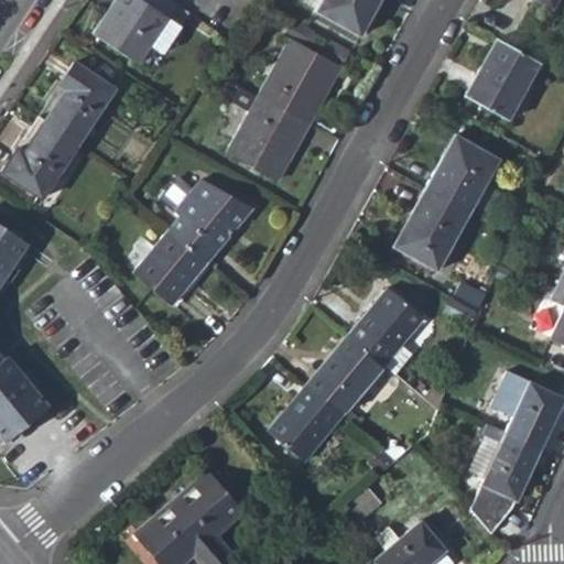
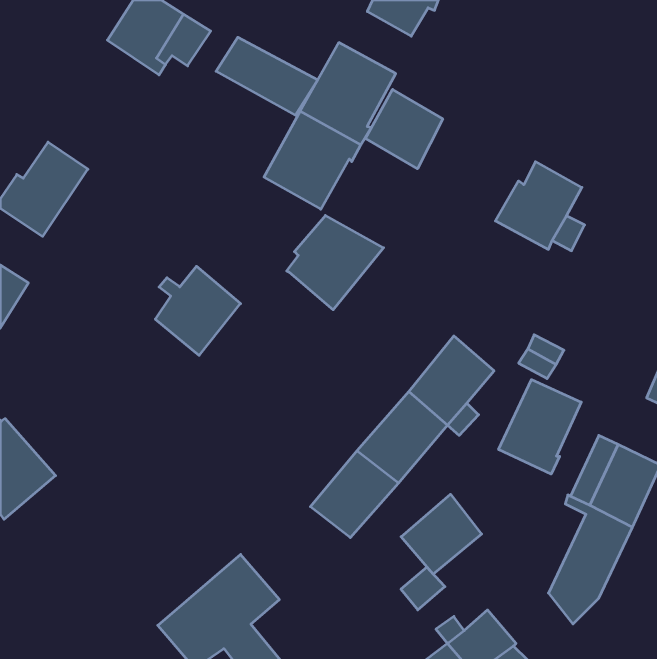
building: none -> [216,37,318,115]
building: [464,39,536,118] -> none
building: [44,65,113,145] -> none
building: none -> [365,89,443,169]
building: [169,180,251,260] -> [287,215,384,310]
building: [401,189,470,270] -> none
building: none -> [499,380,581,474]
building: none -> [401,494,482,574]

